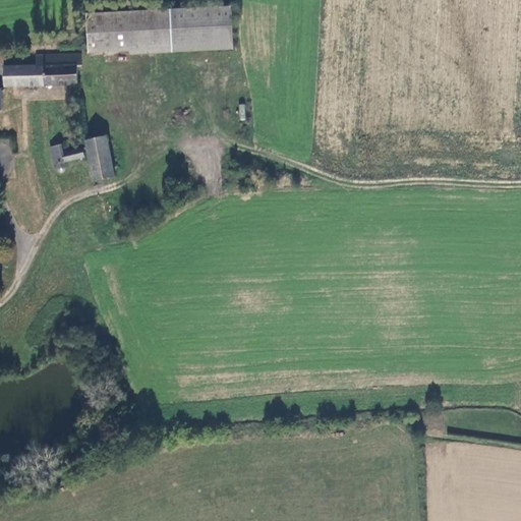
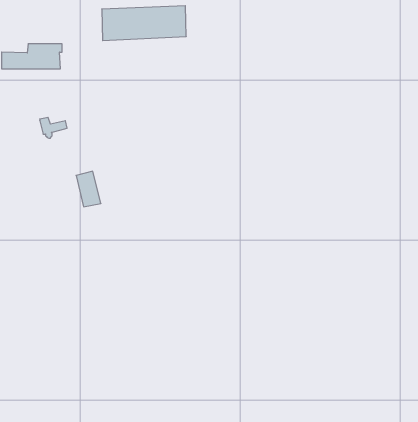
building: [82,12,126,53] -> none
building: [85,136,116,180] -> [76,171,101,207]

